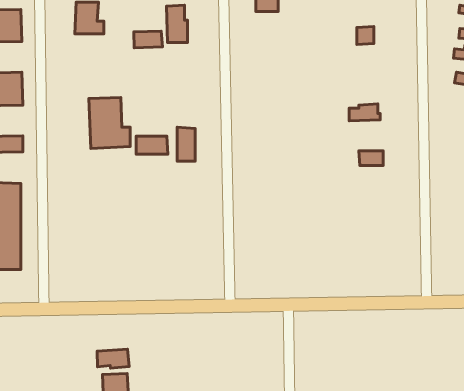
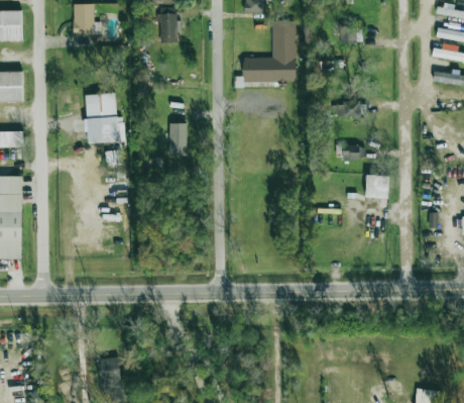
building: none -> [243,20,297,82]
building: [134,31,162,48] -> none
building: [136,136,168,154] -> none
building: none -> [365,175,389,198]
building: [97,349,129,368] -> none

